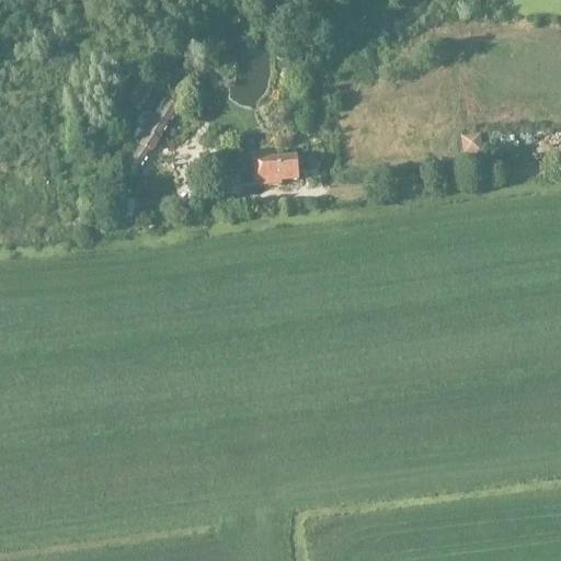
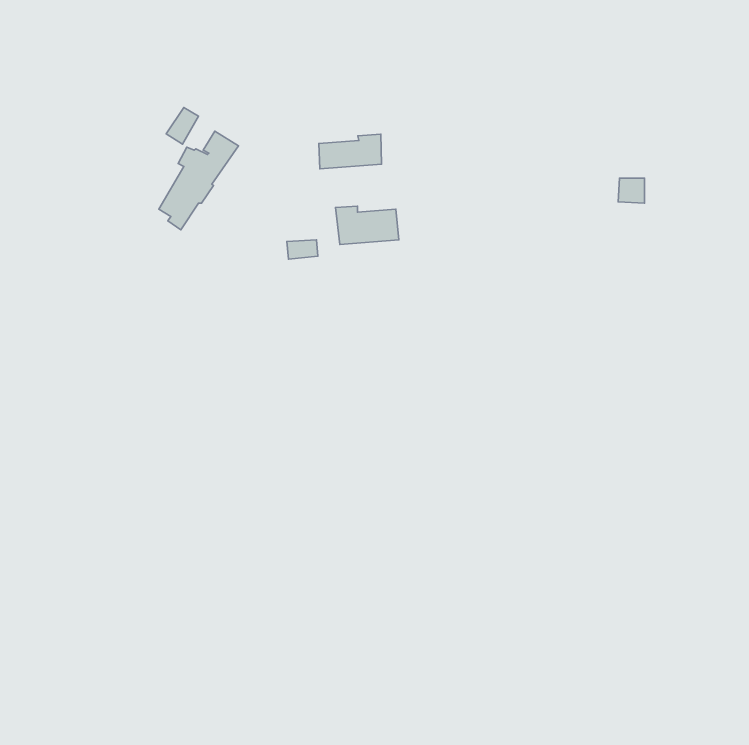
building: none -> [319,134,381,169]

